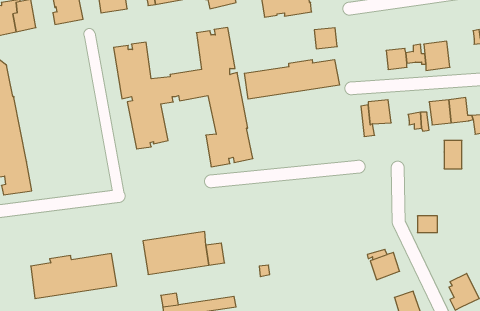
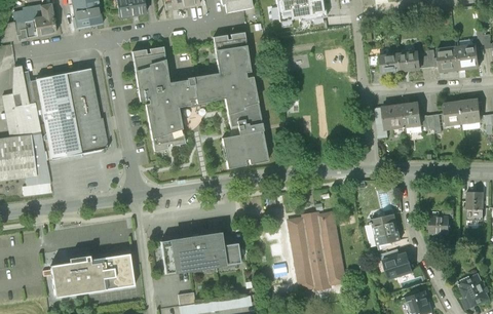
building: [314,28,337,49] -> [378,54,401,75]
building: none -> [458,43,479,71]
building: [244,60,339,99] -> none
building: none -> [29,68,106,159]
building: none -> [401,101,421,125]
building: [444,140,462,169] -> [466,191,484,219]
building: none -> [288,212,344,289]
building: none -> [370,213,401,244]

